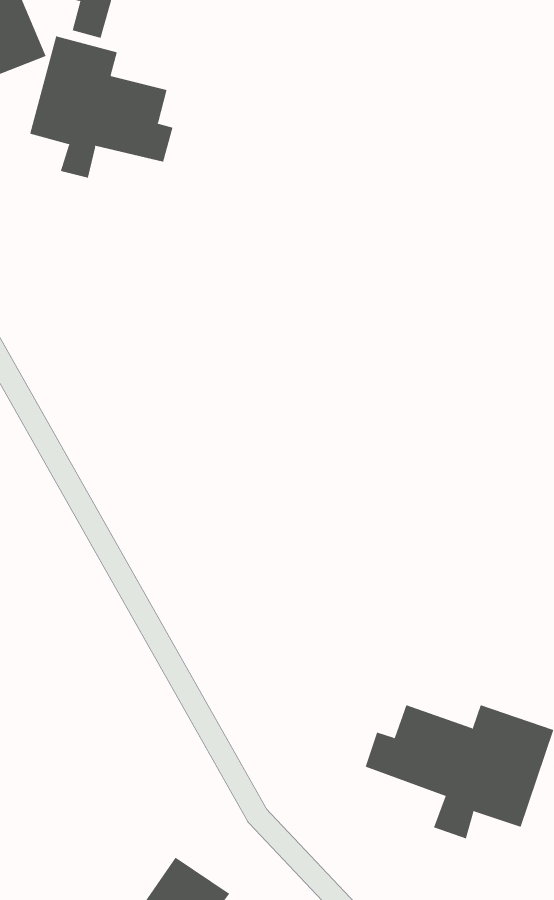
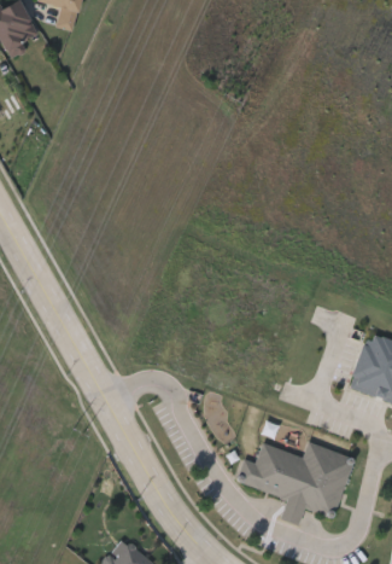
building: [30,36,173,179] -> none

